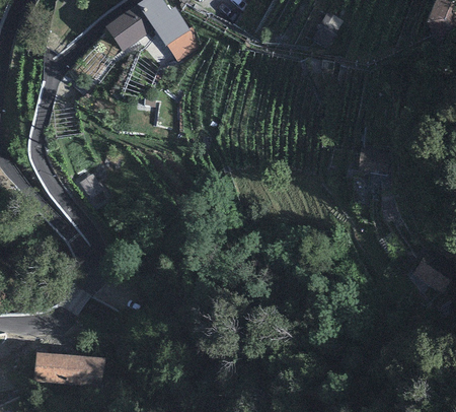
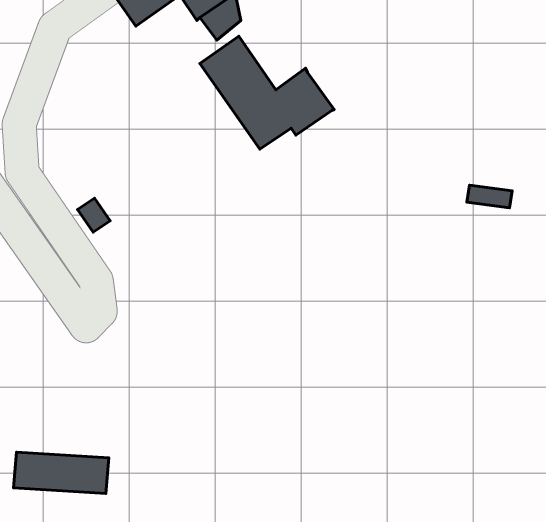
building: none -> [200,36,334,149]

